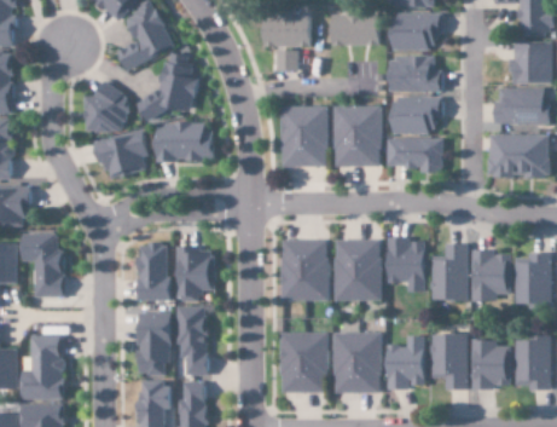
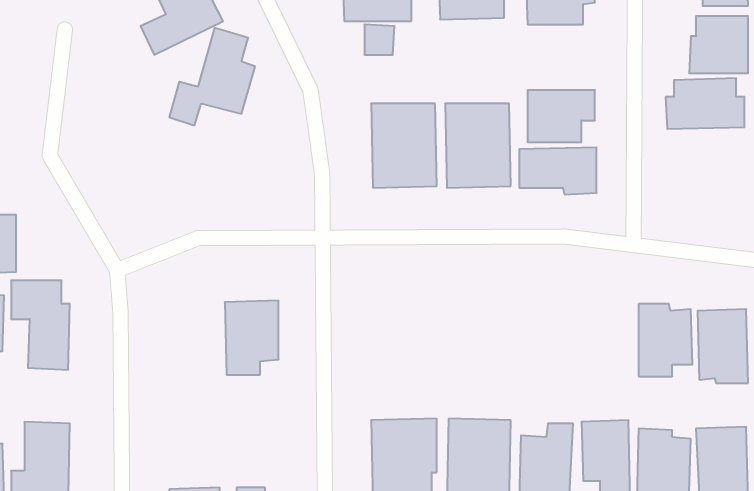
building: [387,56,441,91] -> none
building: [83,85,126,131] -> none
building: [153,122,214,161] -> none
building: [97,133,147,178] -> none
building: [487,133,549,177] -> none
building: [387,236,425,292] -> none
building: [335,238,381,300] -> none
building: [280,240,327,300] -> none
building: [137,243,168,300] -> none
building: [431,243,468,301] -> none
building: [178,305,207,374] -> none
building: [135,312,169,375] -> none

